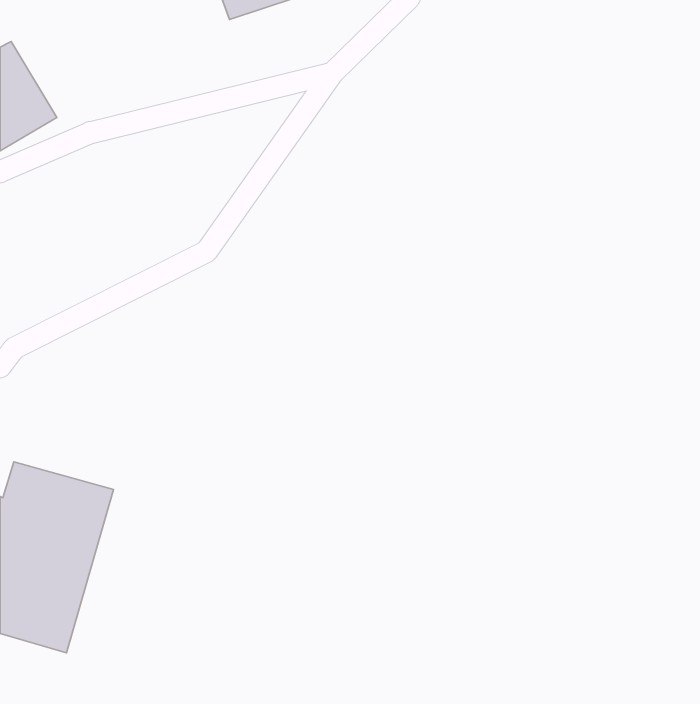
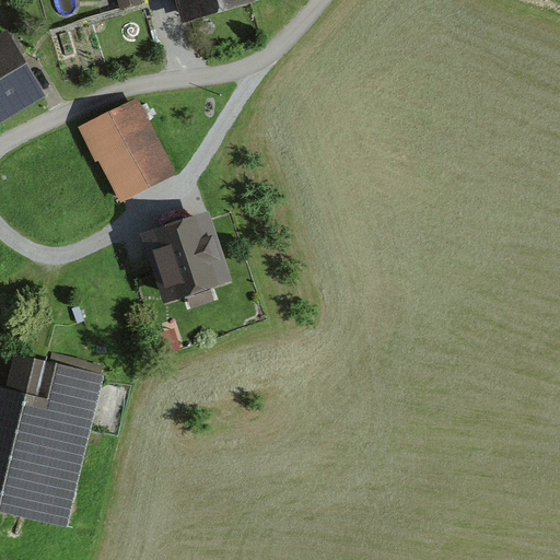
building: none -> [86,100,165,190]
building: none -> [149,221,220,300]

